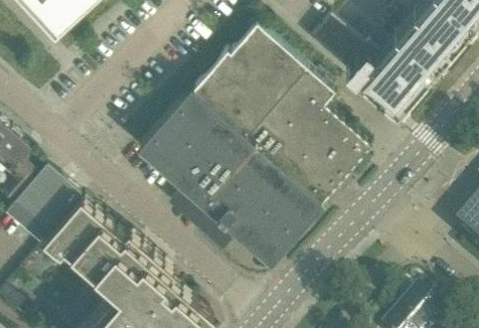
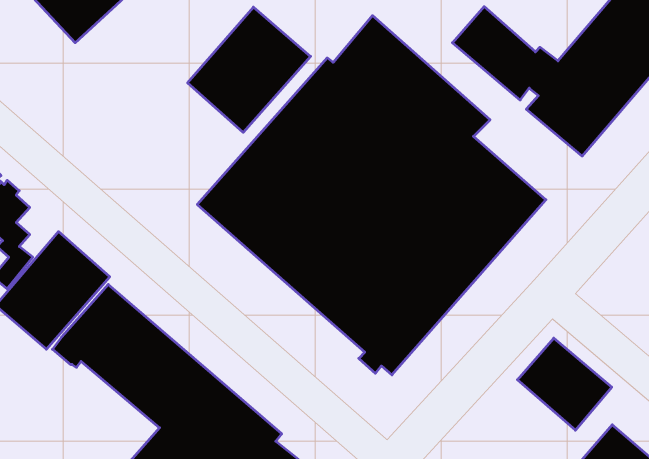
building: none -> [188,7,311,132]
building: none -> [517,338,612,430]

